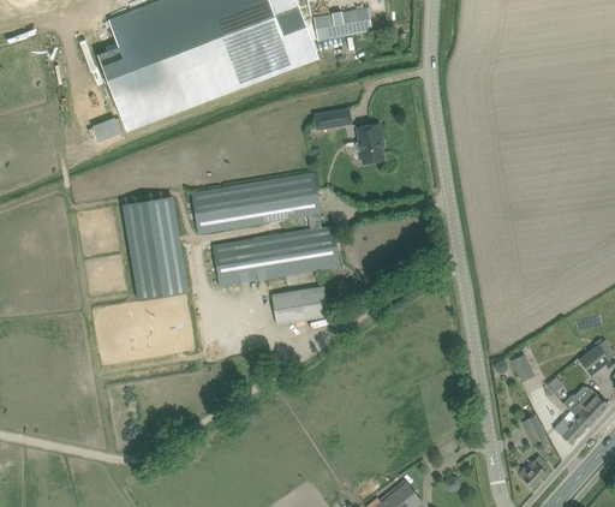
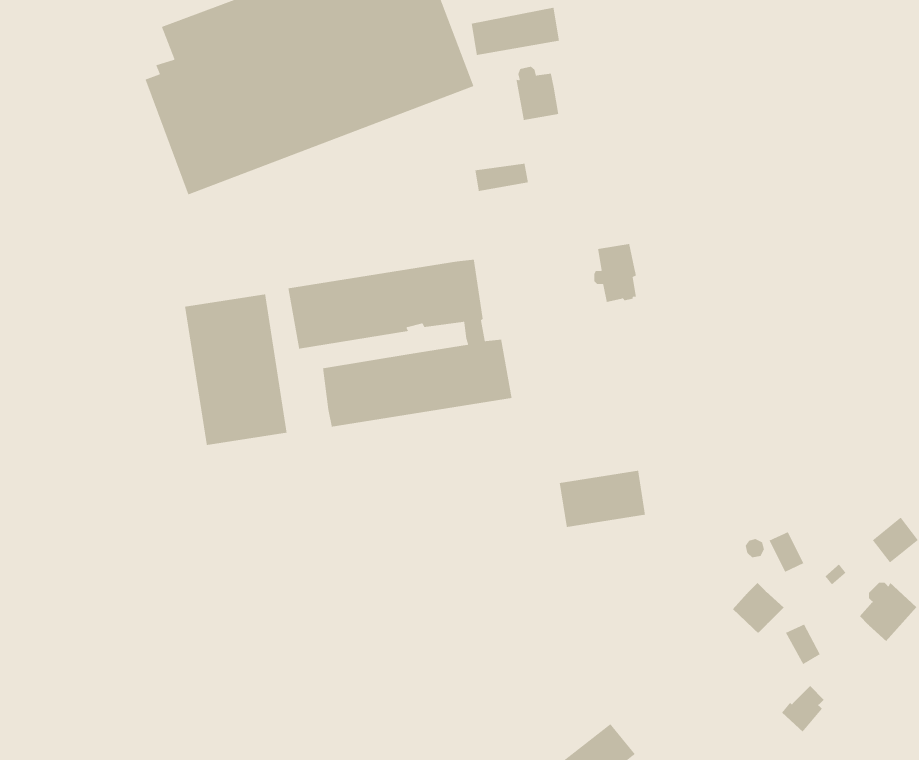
building: none -> [515,66,559,121]
building: [354,124,383,163] -> [593,243,637,303]
building: [270,285,328,323] -> [559,470,646,528]
building: [553,410,587,445] -> [732,582,785,635]

